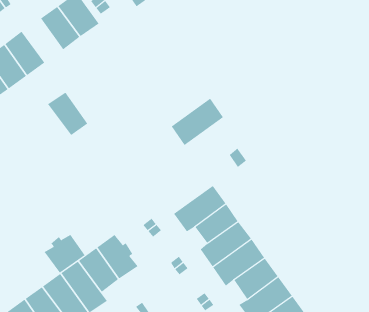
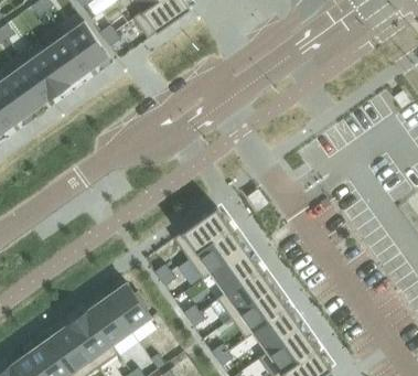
building: [47,92,88,136] -> [25,51,69,98]
building: [171,98,224,146] -> [174,210,232,261]
building: [44,234,85,274] -> none

